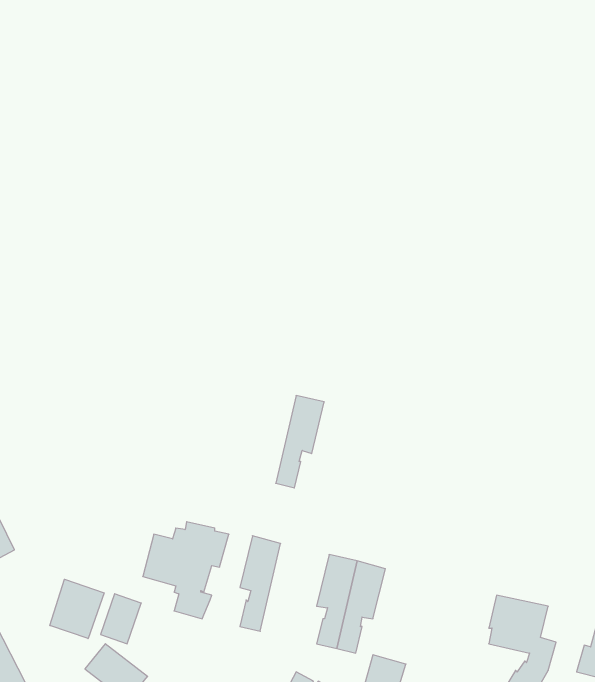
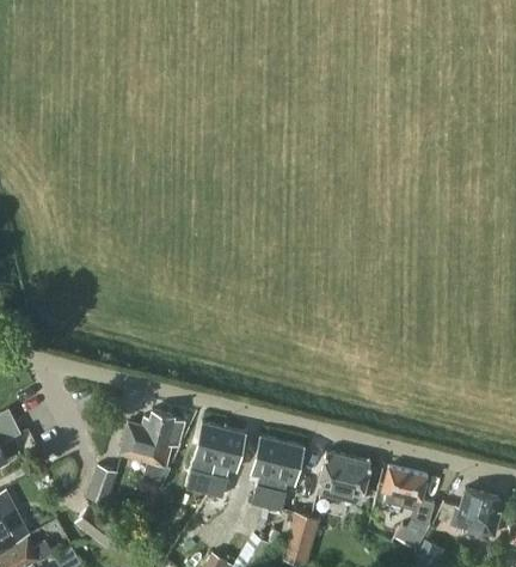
building: [276,396,324,488] -> [208,428,245,499]
building: none -> [315,452,370,505]
building: [50,579,104,639] -> none

